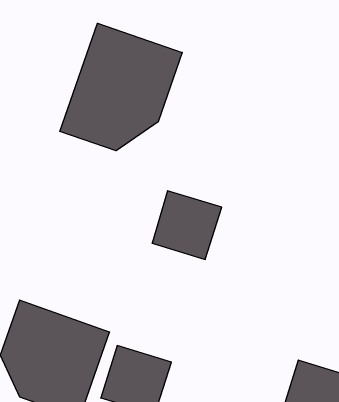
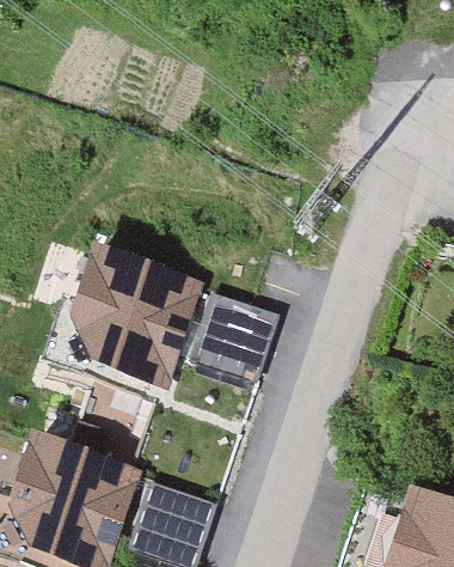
building: [60,23,182,151] -> none
building: none -> [72,243,207,388]

